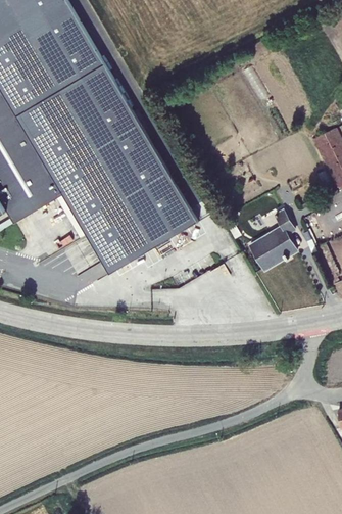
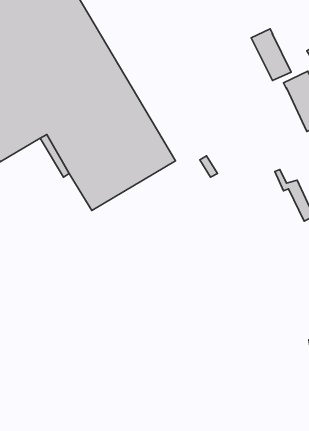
building: none -> [251,29,291,81]
building: [249,207,297,269] -> none

